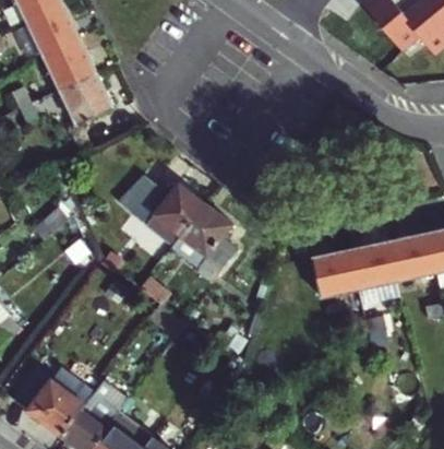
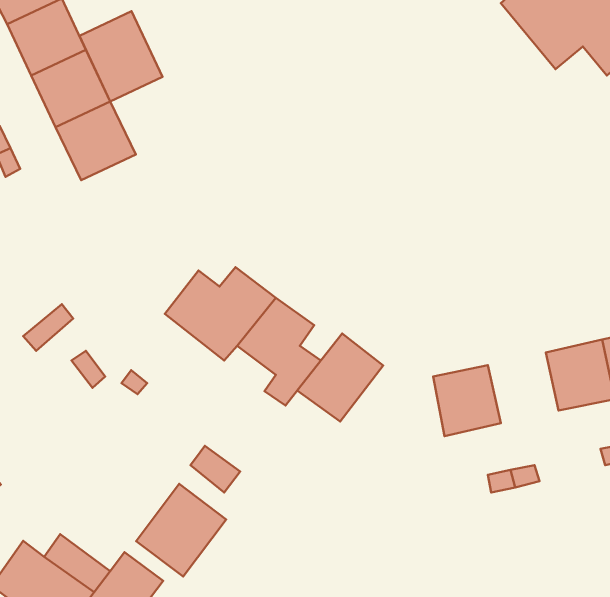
building: none -> [79,11,162,102]
building: none -> [297,334,383,422]
building: [350,241,398,290] -> none
building: none -> [136,484,226,577]

